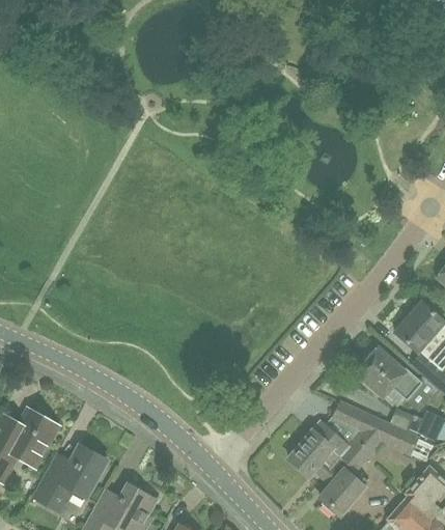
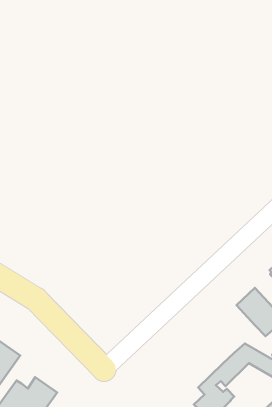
building: [334,402,373,430] -> none
building: [288,421,350,476] -> none

